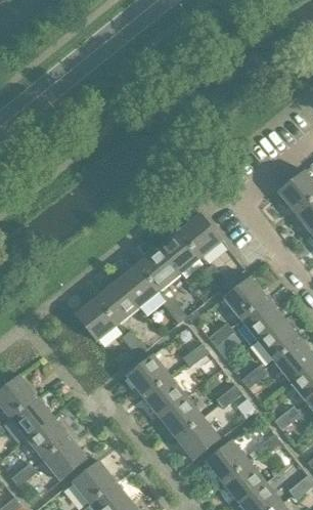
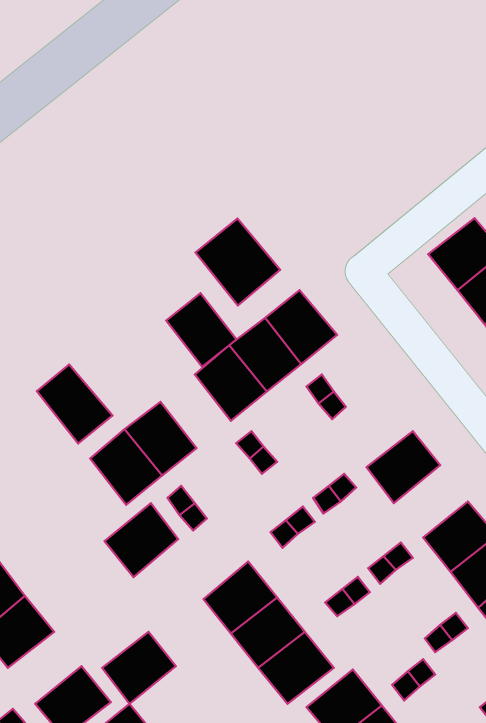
building: none -> [196,218,280,306]
building: none -> [37,364,112,444]
building: [118,264,160,308] -> [166,293,236,367]
building: [224,277,268,320] -> none
building: [257,318,301,362] -> none
building: [126,354,170,398] -> [104,503,178,577]
building: [27,418,71,461] -> [102,632,176,704]

